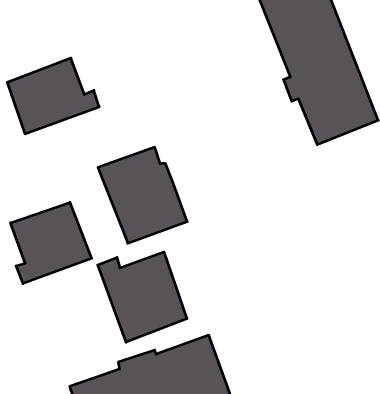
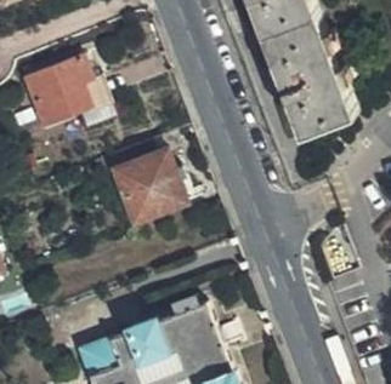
building: [11,202,92,284] -> none
building: [98,252,187,342] -> none

